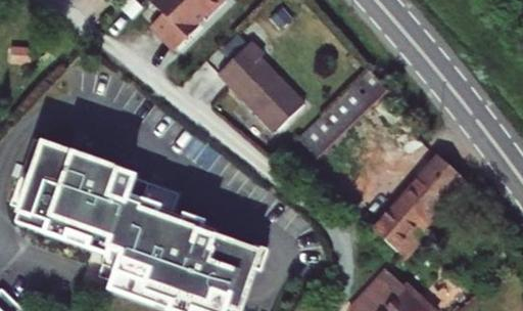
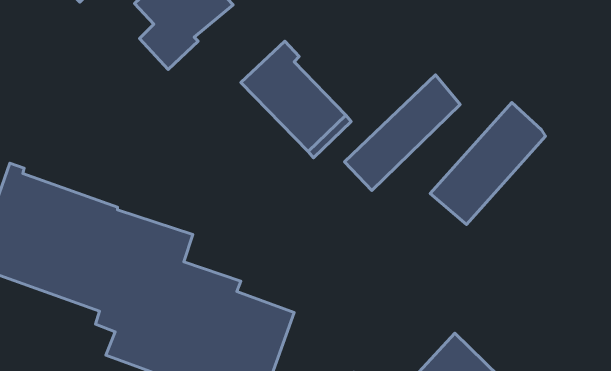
building: [375,157,466,253] -> [430,103,546,225]

